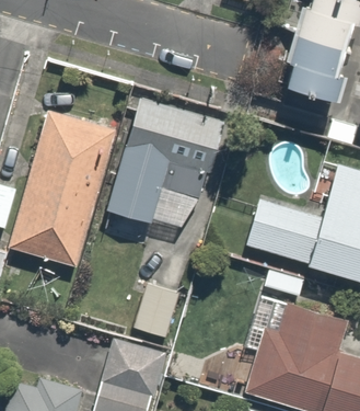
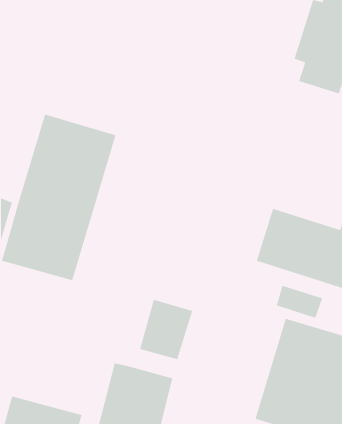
building: [105,94,224,227] -> none

